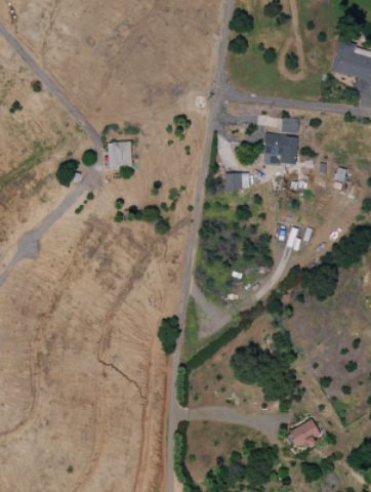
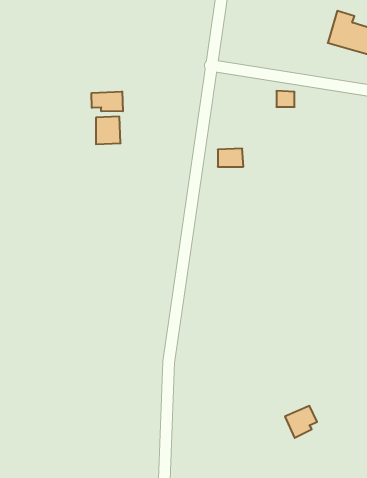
building: none -> [92,91,123,111]
building: [263,134,298,165] -> none

